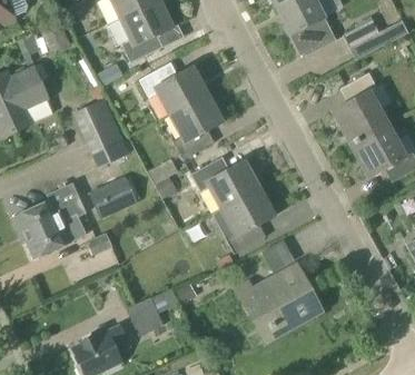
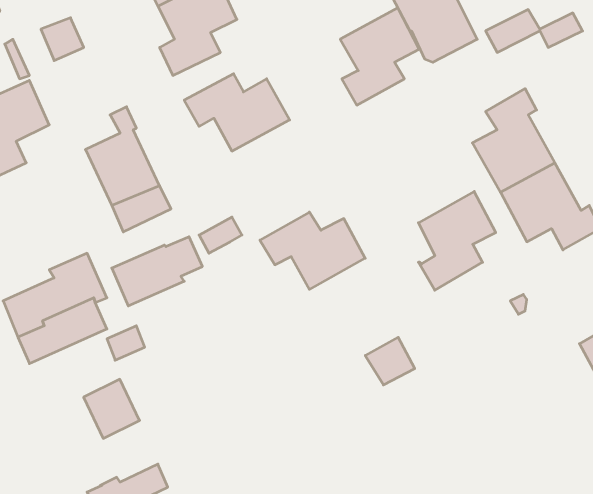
building: [170,93,224,159] -> [340,8,419,105]
building: [223,187,275,254] -> [418,191,496,290]
building: [237,268,324,341] -> none
building: [126,297,164,337] -> [84,379,140,438]

